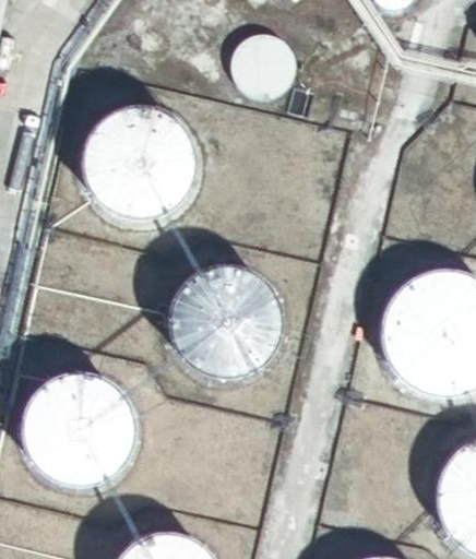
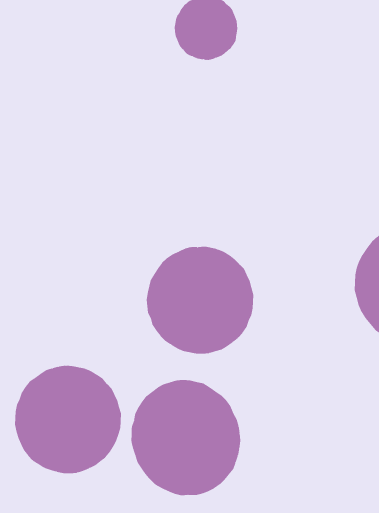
building: [86,109,195,218] -> none
building: none -> [131,379,241,496]

